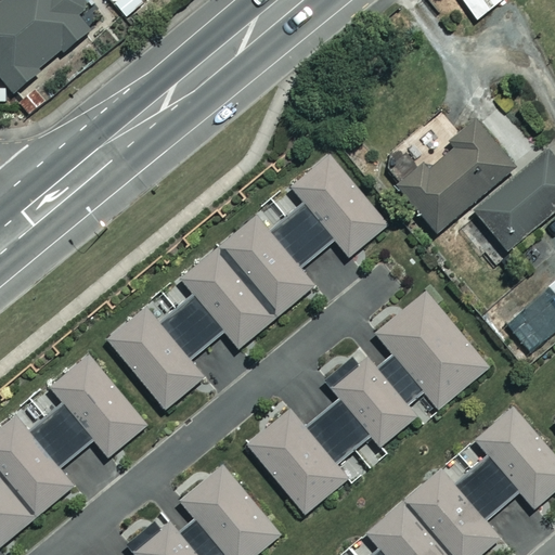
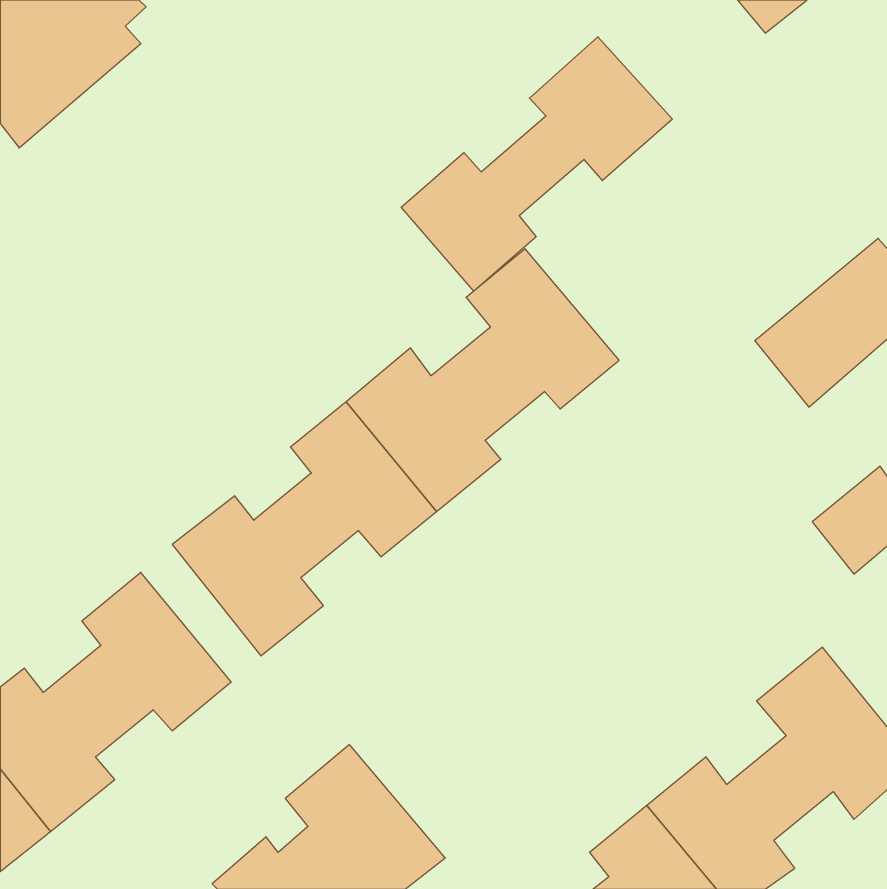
building: none -> [401,37,672,291]
building: [395,118,517,236] -> none
building: [246,293,486,514] -> none

